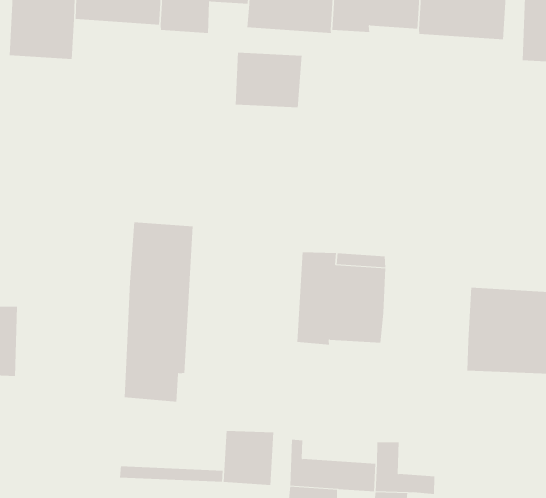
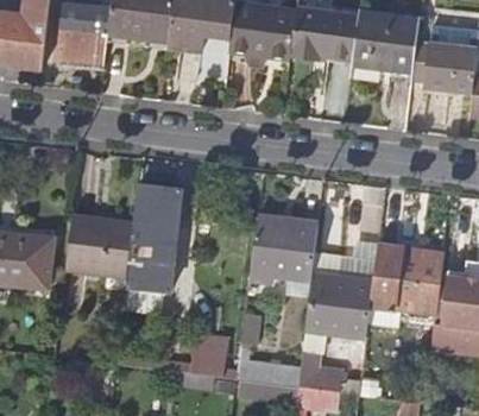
building: [235,52,302,108] -> none
building: none -> [65,218,133,278]
building: none -> [305,260,372,335]

